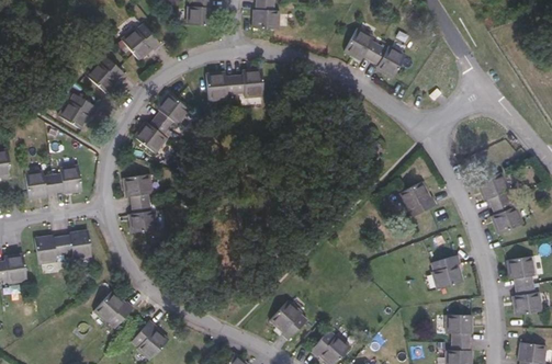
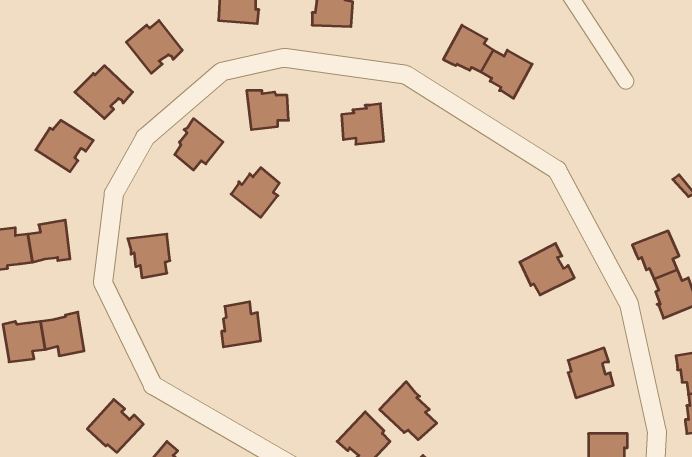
building: [234,69,263,98] -> [342,104,384,144]
building: [134,118,168,153] -> [231,168,279,217]
building: [129,202,157,234] -> [222,302,261,347]
building: none -> [380,382,437,440]

